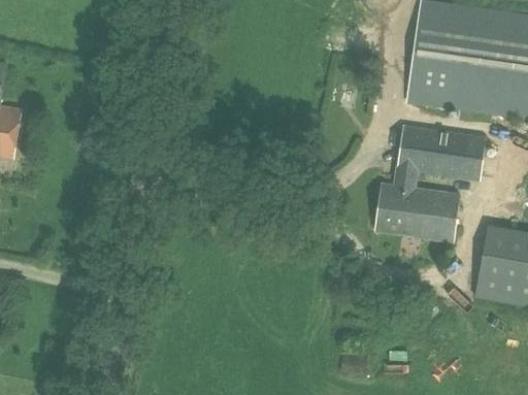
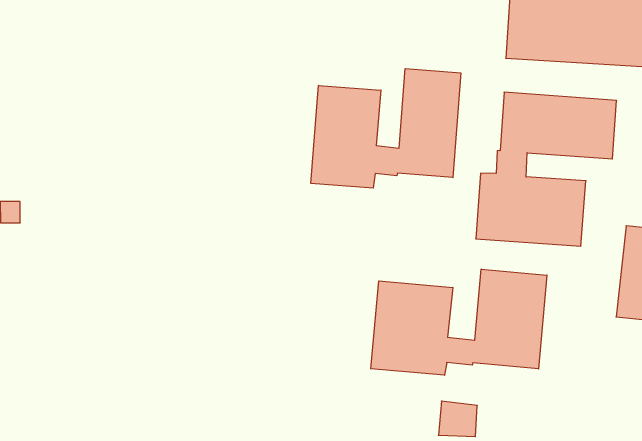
building: none -> [311,69,461,188]
building: none -> [371,269,547,375]

